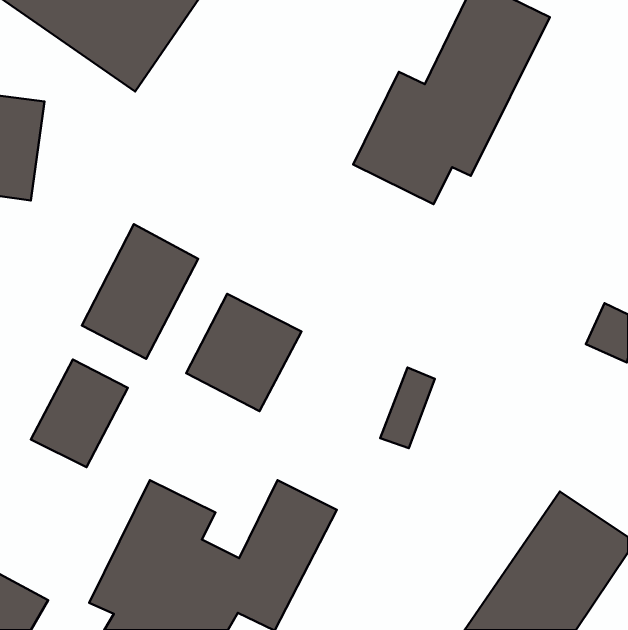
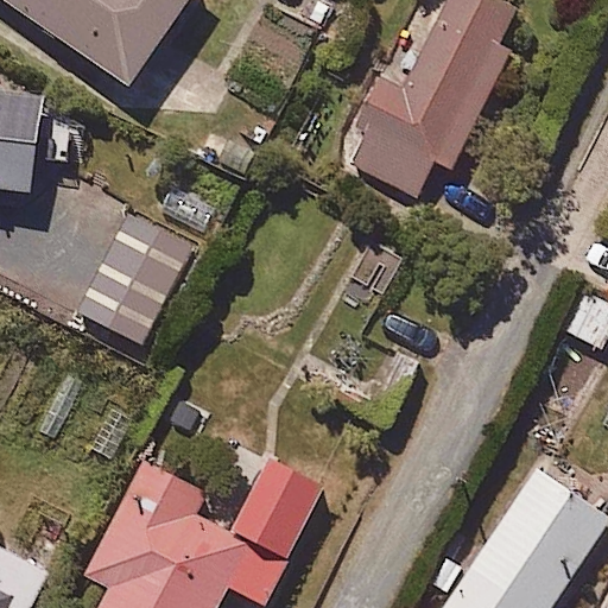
building: [186,294,302,411] -> none
building: [31,359,128,467] -> none

